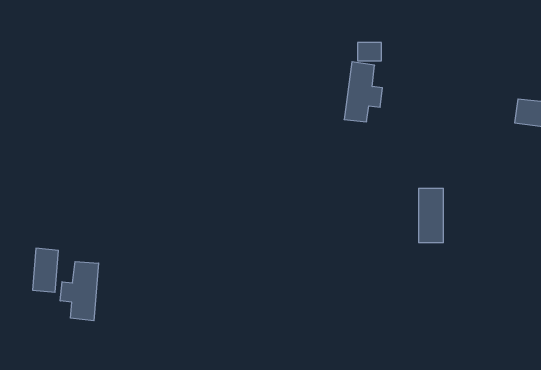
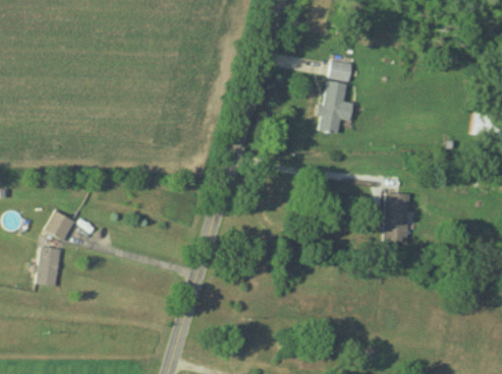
building: none -> [45,210,74,241]
building: [60,262,99,321] -> none

